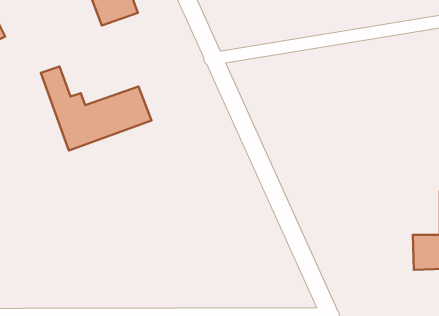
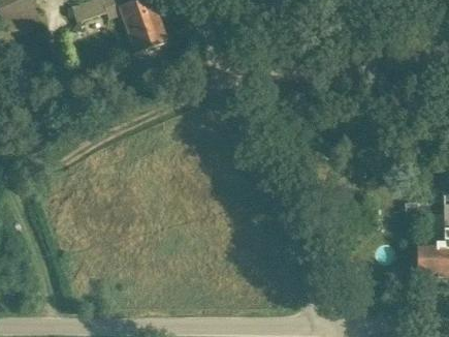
building: [41,66,151,150] -> none

